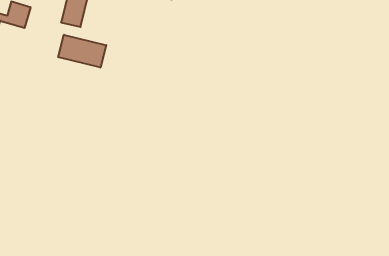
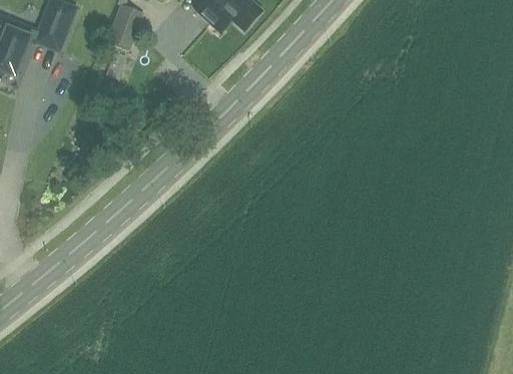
building: [58,35,106,68] -> none

